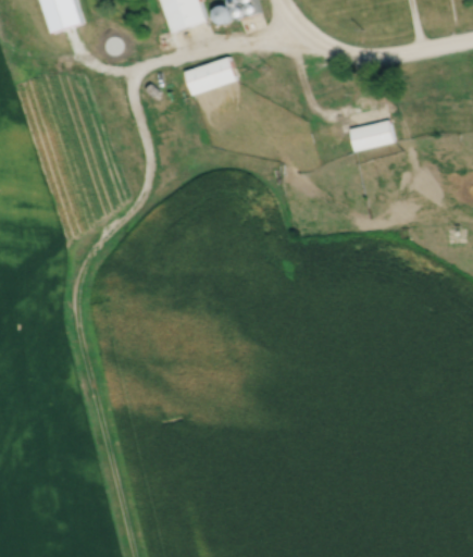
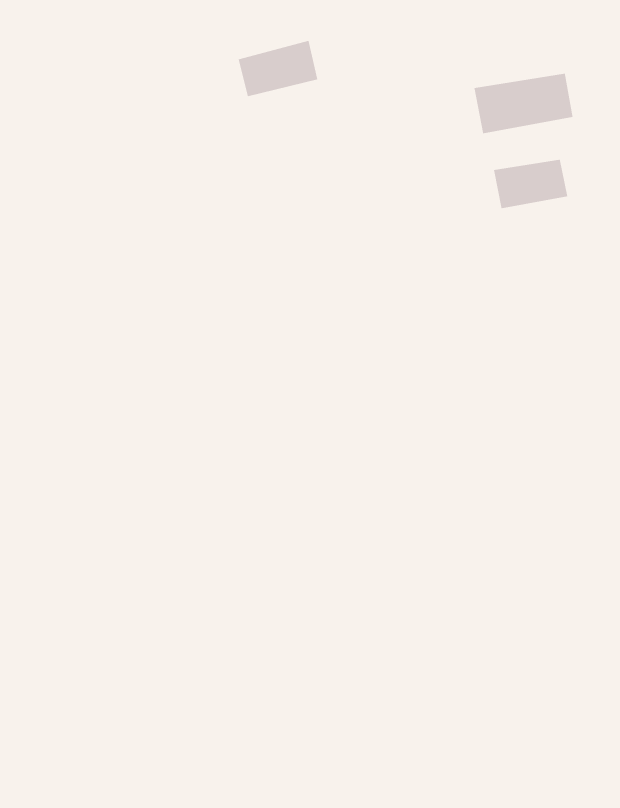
building: none -> [474,73,573,134]

